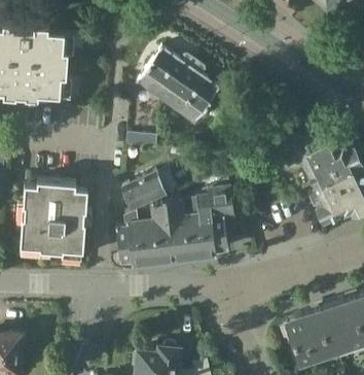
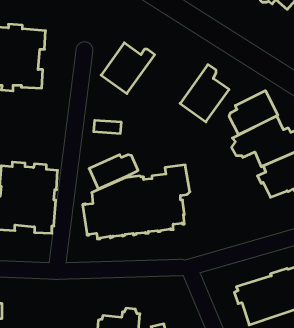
building: [165,62,219,126] -> [180,65,229,122]
building: none -> [229,91,278,135]

